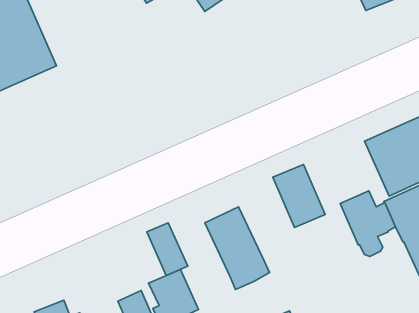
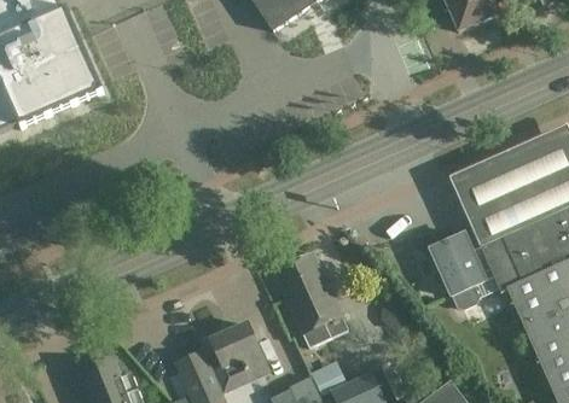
building: [273,164,325,227] -> none
building: [147,223,188,275] -> none

